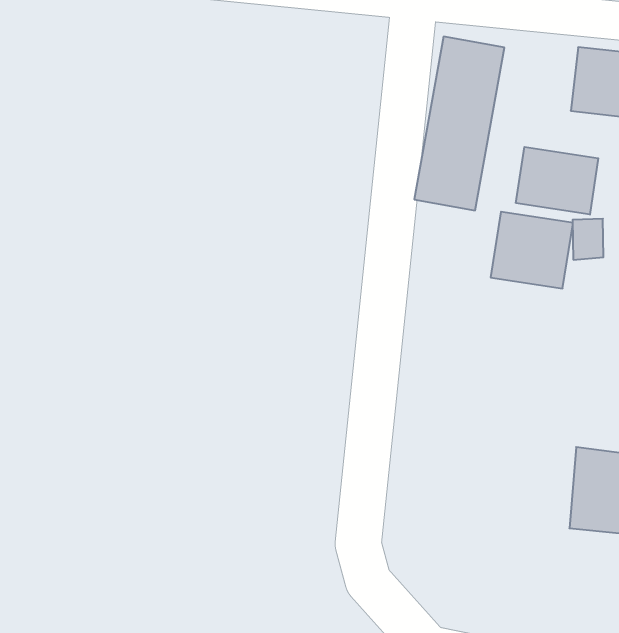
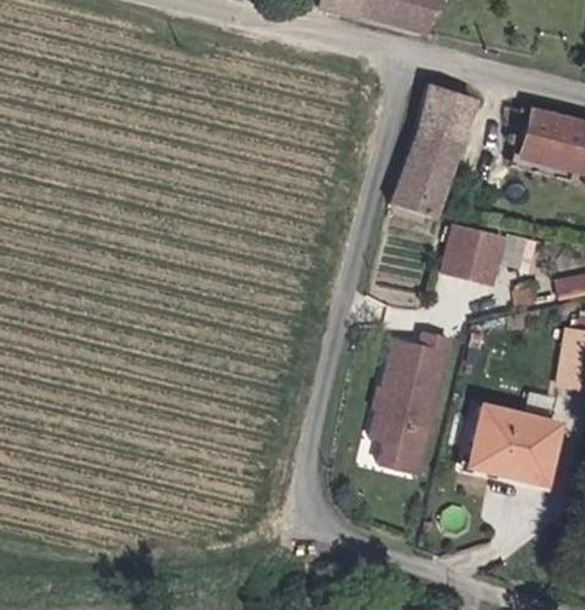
building: [516,147,598,215] -> none
building: none -> [371,333,451,473]

